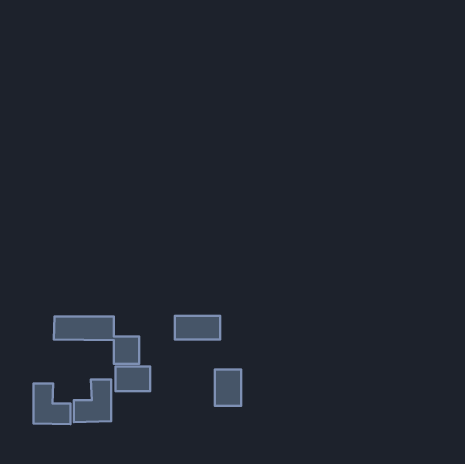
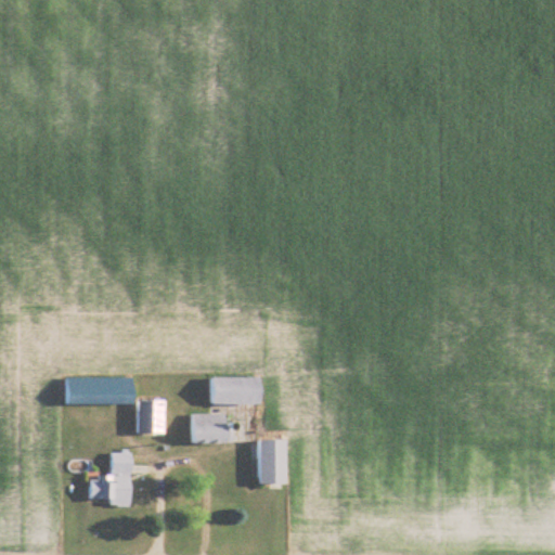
building: [115,367,150,391] -> [190,414,231,443]
building: [33,384,71,424] -> none

